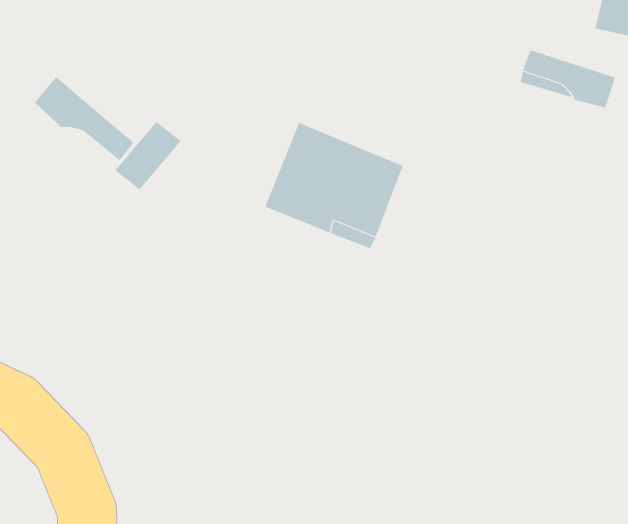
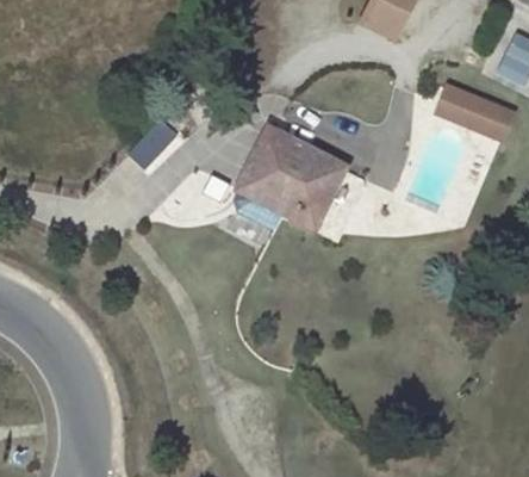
building: [34,76,134,161] -> none

